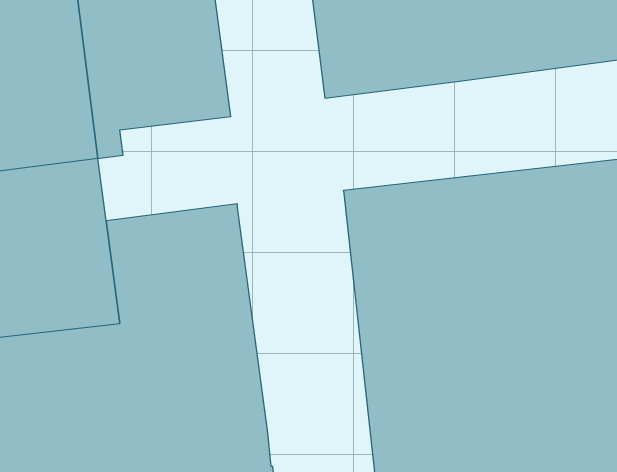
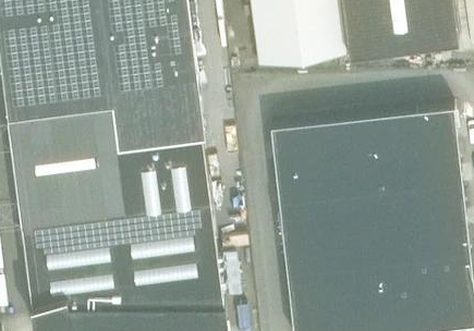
building: none -> [111,83,205,150]

